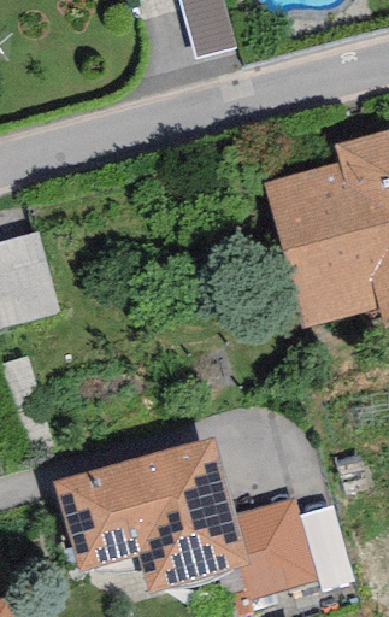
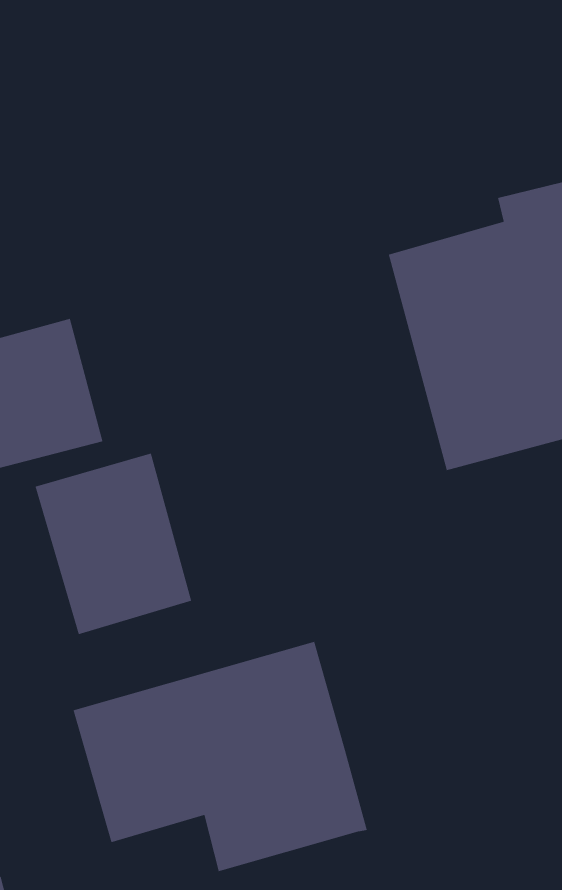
building: none -> [35,453,192,635]
building: [234,495,317,597] -> none

